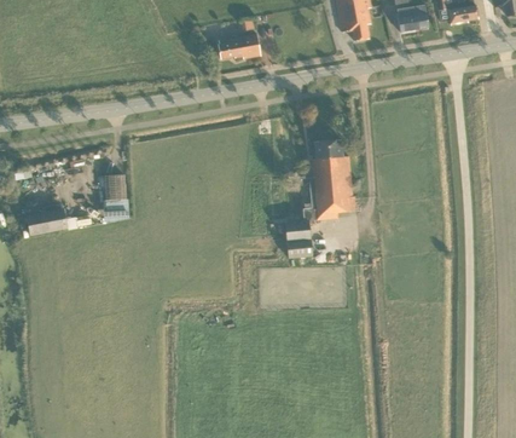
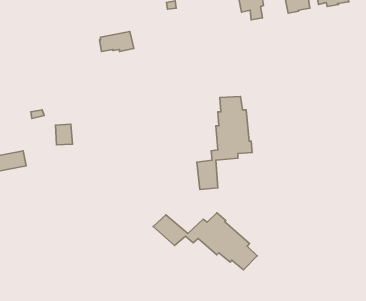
building: [216,33,260,58] -> [100,31,134,51]
building: none -> [153,213,257,270]

